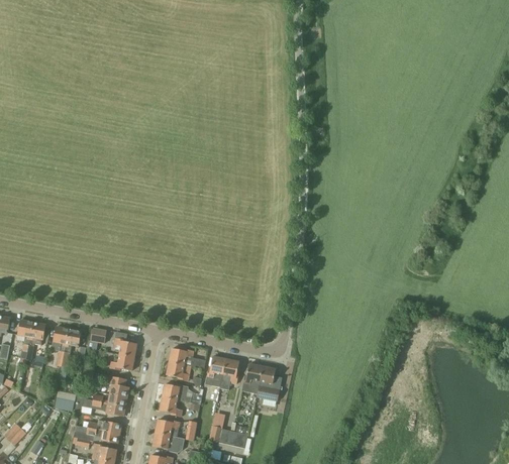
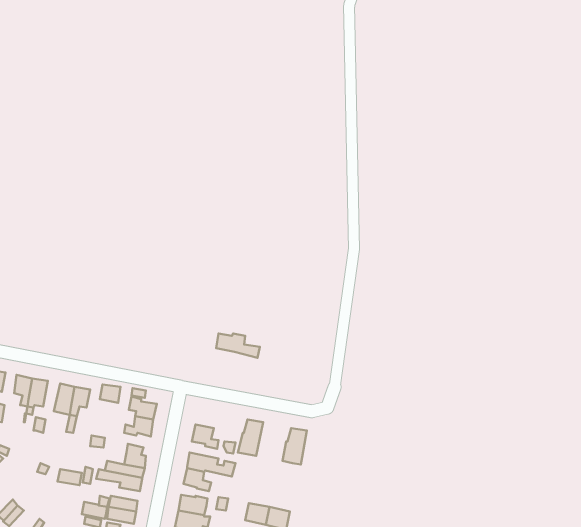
building: [169,349,205,369] -> [216,334,260,358]
building: [219,359,238,390] -> none
building: [256,366,282,402] -> none

